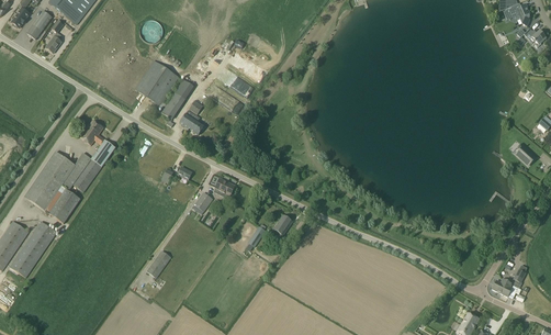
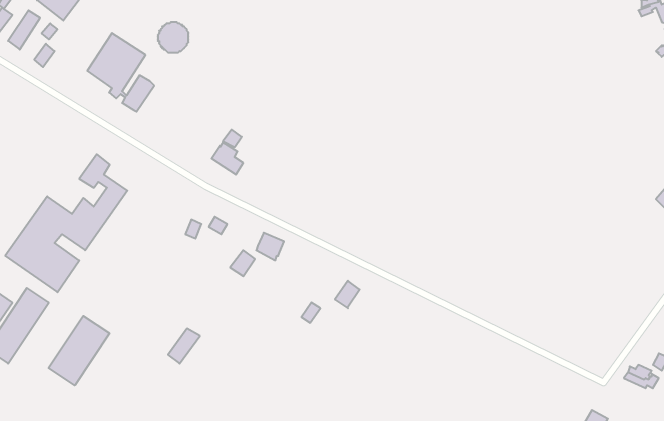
building: [135,59,185,119] -> [87,33,154,112]
building: none -> [49,316,109,385]

